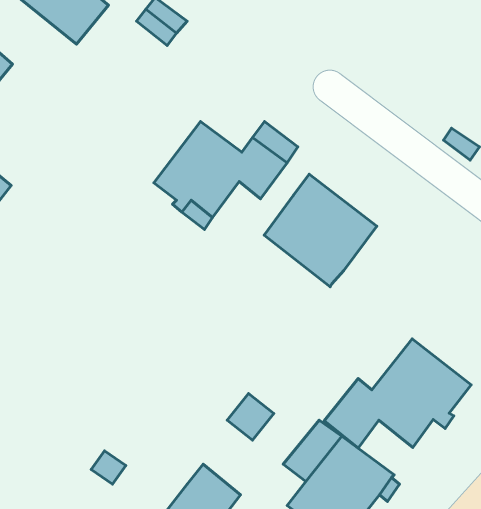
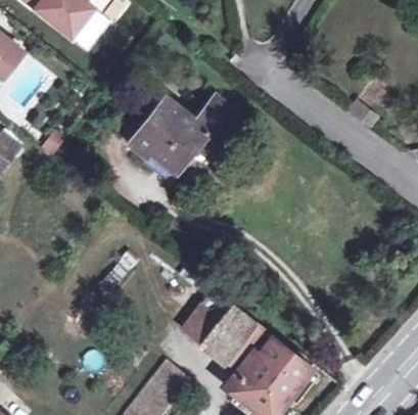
building: [264,174,377,287] -> none
building: [324,339,471,448] -> none
building: none -> [204,307,256,359]

